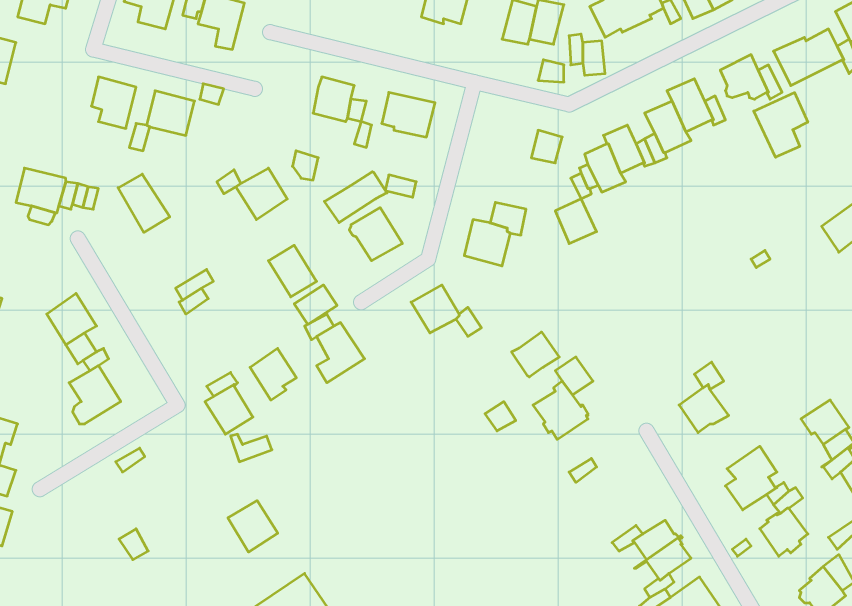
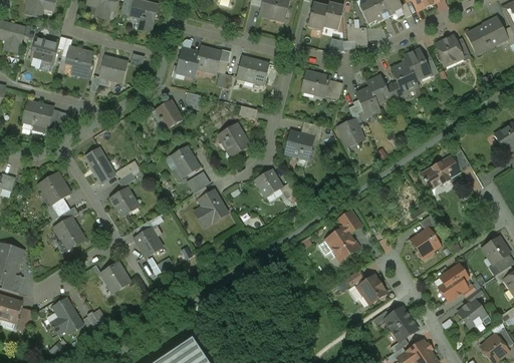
building: none -> [32,39,58,63]
building: none -> [175,48,200,80]
building: [754,93,808,157] -> none
building: none -> [301,70,329,94]
building: [324,172,387,223] -> none
building: [118,174,170,232] -> [85,147,115,182]
building: none -> [420,154,460,189]
building: [512,332,559,377] -> none
building: [250,348,296,400] -> [110,186,138,216]
building: none -> [357,274,387,303]
building: [228,501,278,552] -> [101,262,131,292]
building: none -> [50,298,82,333]

